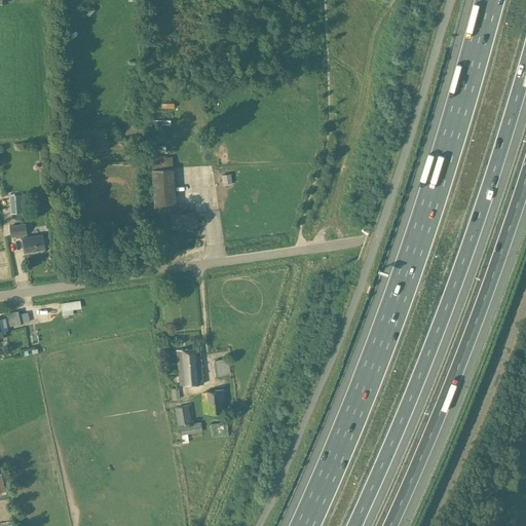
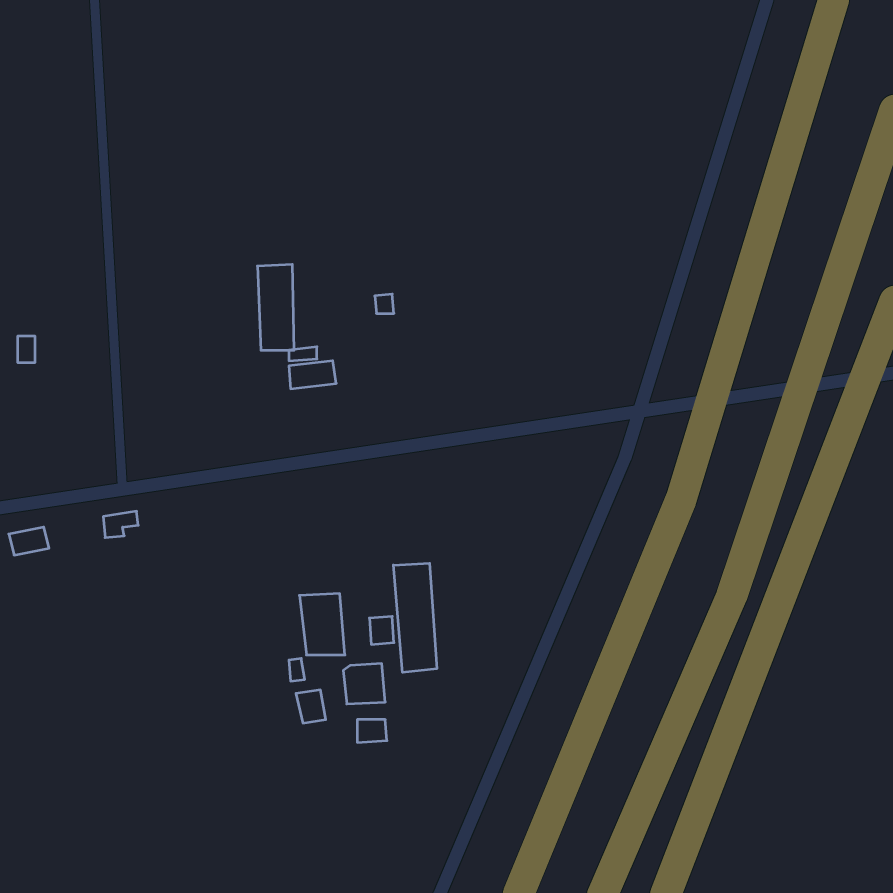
building: [10,225,45,253] -> none
building: none -> [393,563,437,672]

